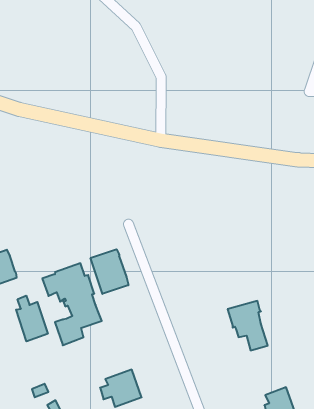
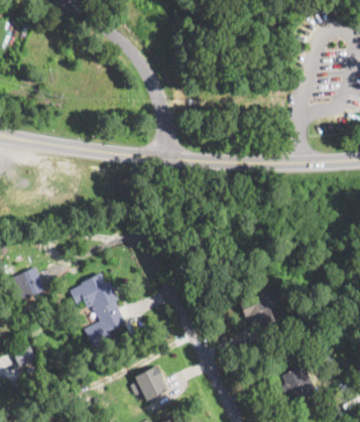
building: [91,249,128,294] -> none
building: [16,296,48,341] -> none

